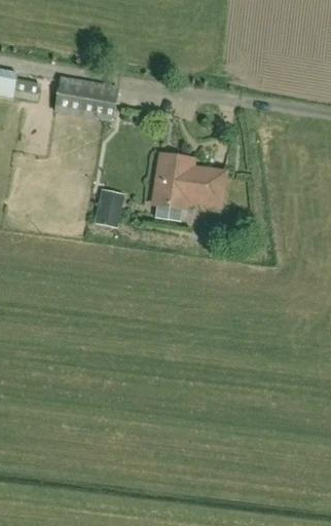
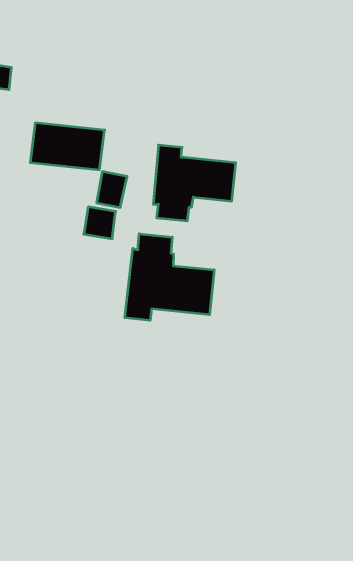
building: [53,77,117,119] -> [30,123,105,170]
building: none -> [125,234,214,320]

